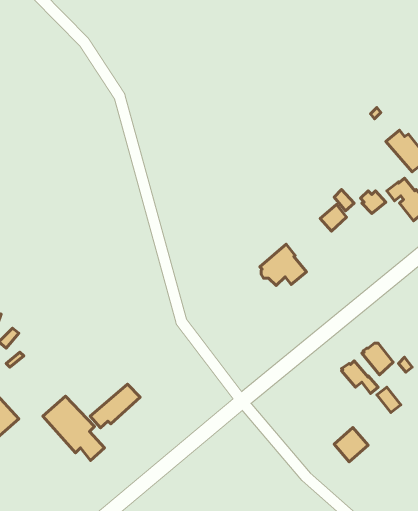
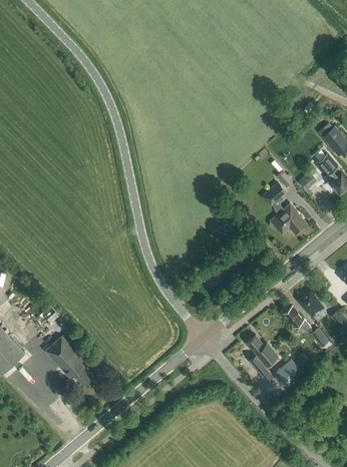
building: [260,244,306,286] -> [269,202,306,236]
building: [90,384,140,428] -> none
building: none -> [247,336,277,381]

